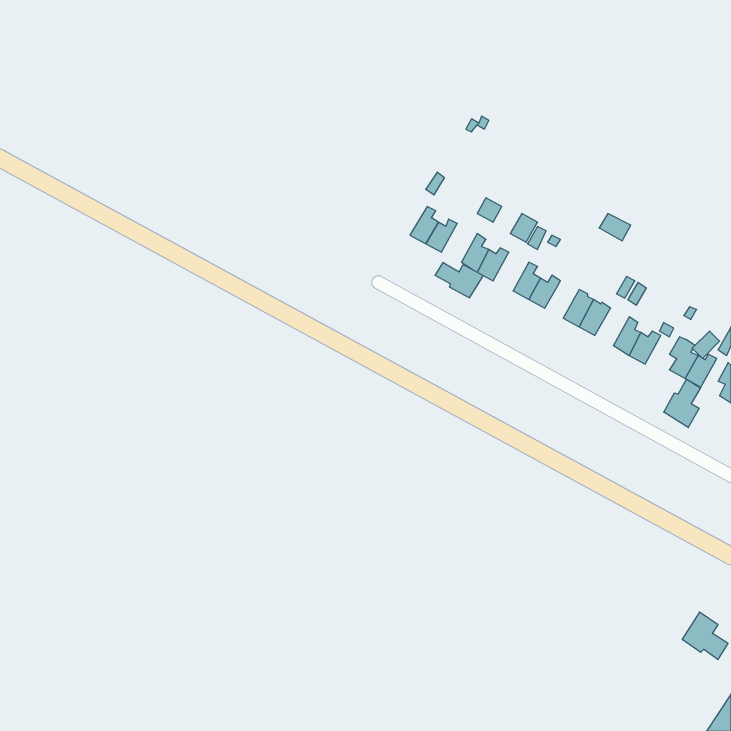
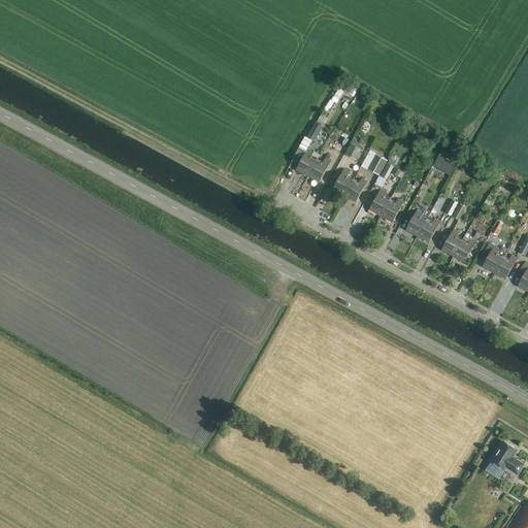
building: [435,262,483,298] -> none
building: [664,379,701,428] -> none

